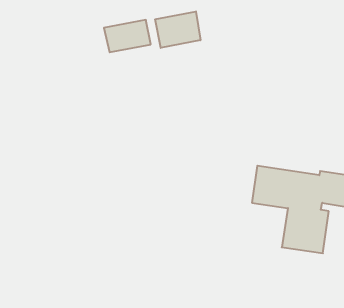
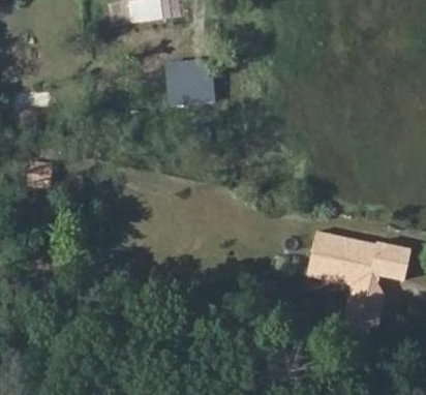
building: [155,11,200,48] -> none

